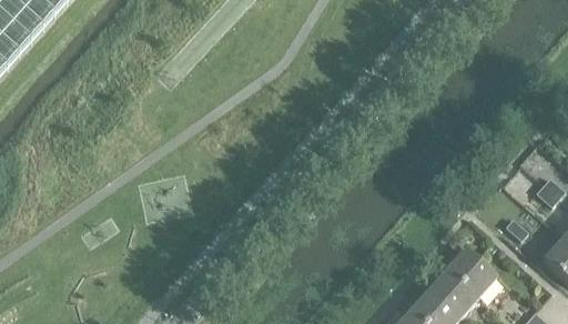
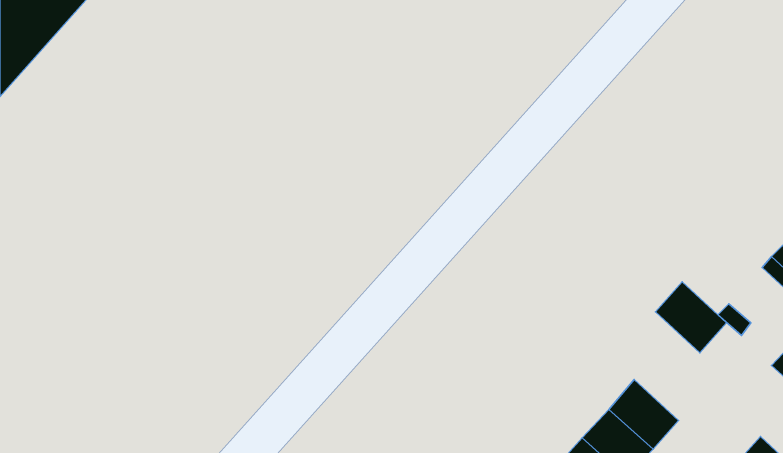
building: [446,250,496,300] -> [655,282,727,353]

